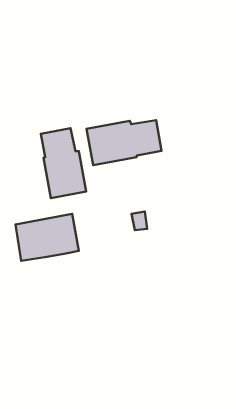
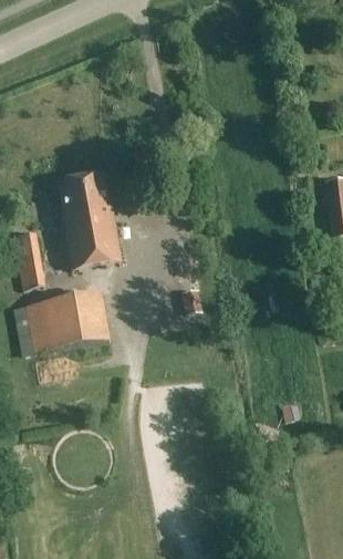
building: [87,120,161,165] -> none
building: none -> [13,228,46,287]

